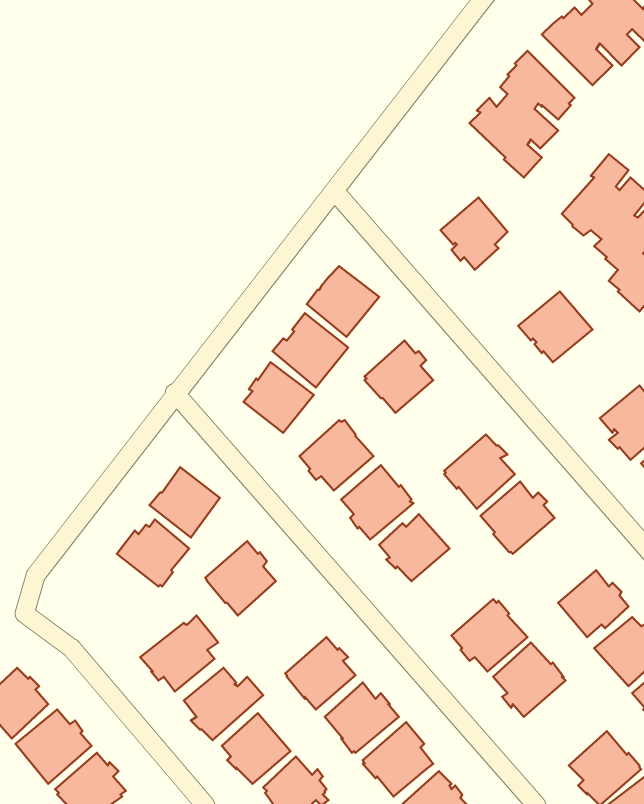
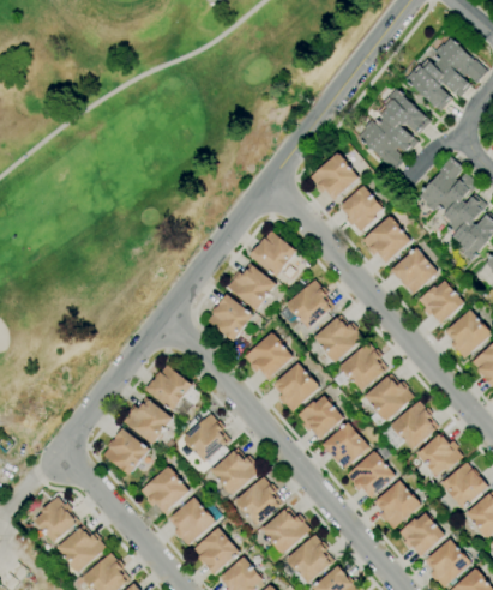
building: none -> [309,153,359,201]
building: none -> [361,217,411,265]
building: none -> [419,281,464,325]
building: none -> [314,315,363,363]
building: none -> [391,402,438,450]
building: none -> [323,422,369,469]
building: none -> [103,428,149,476]
building: none -> [211,448,259,495]
building: none -> [398,513,444,558]

